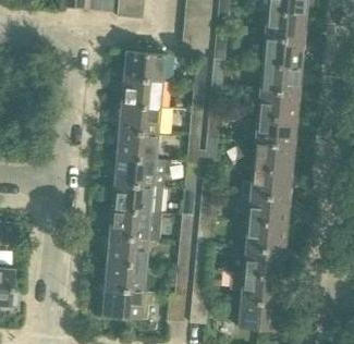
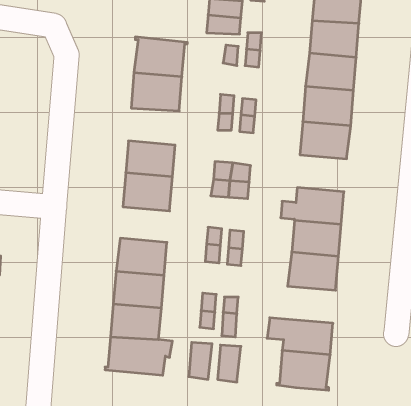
building: [120,107,160,136] -> none
building: [244,144,293,173] -> none
building: [113,185,152,213] -> none
building: [244,248,284,278] -> none

